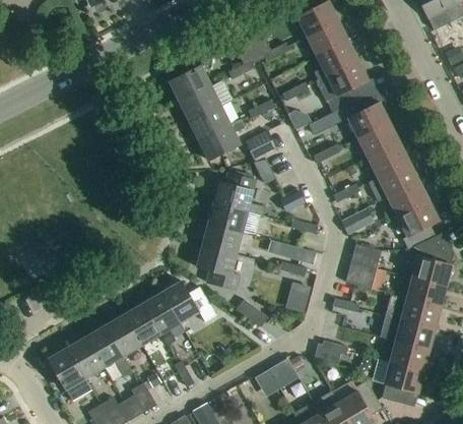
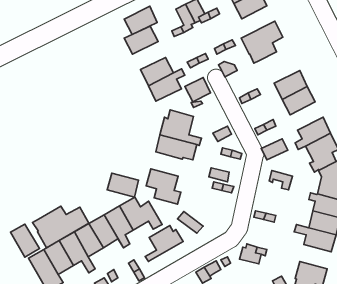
building: [314,40,358,79] -> none
building: [179,84,220,120] -> [124,6,157,34]
building: [338,98,390,137] -> none
building: [369,161,419,200] -> none
building: [202,224,242,254] -> [107,173,138,197]
building: [345,258,376,289] -> none
building: [288,278,313,308] -> none
building: none -> [33,206,89,248]
building: none -> [11,224,40,257]
building: none -> [145,225,183,262]
building: [384,341,429,371] -> none

